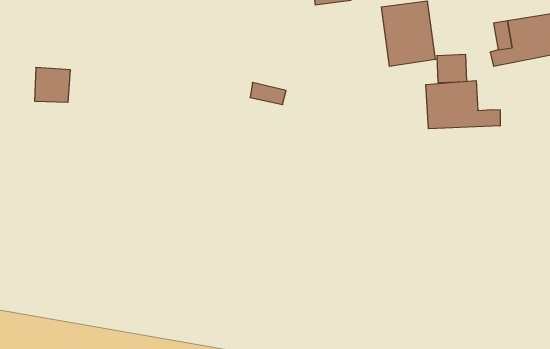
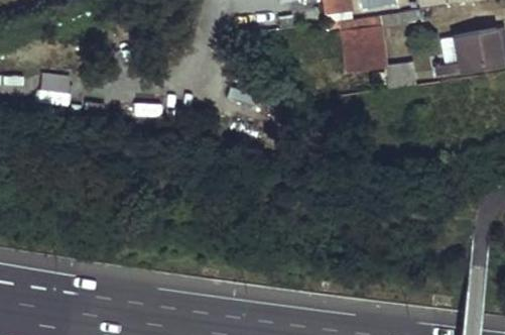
building: [426,81,500,129] -> none

